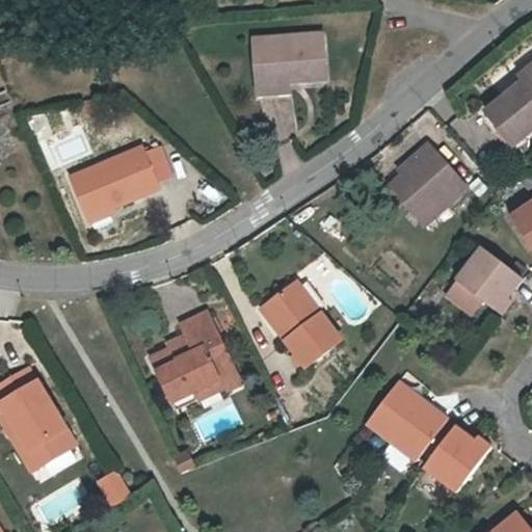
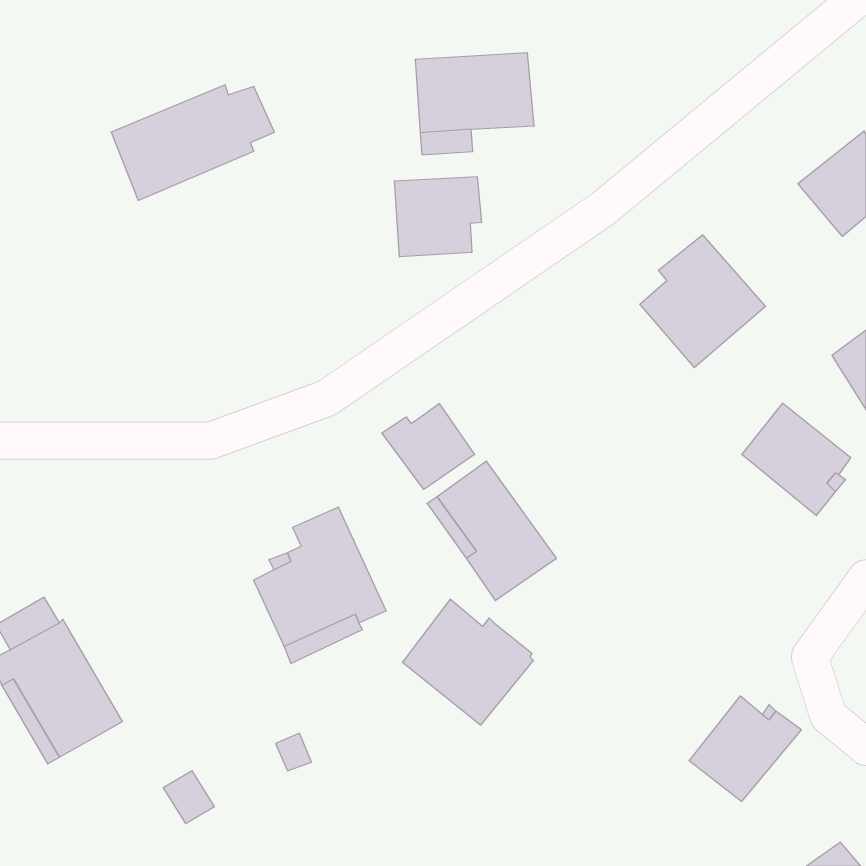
building: none -> [394,177,482,257]
building: [74,147,174,217] -> [111,85,274,200]
building: none -> [382,403,475,489]
building: [366,383,446,460] -> [403,599,534,725]

